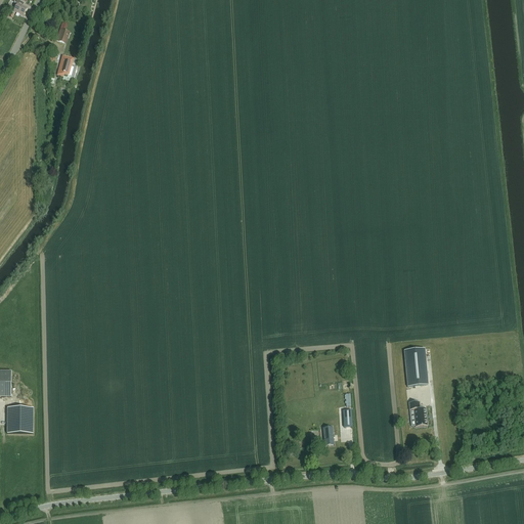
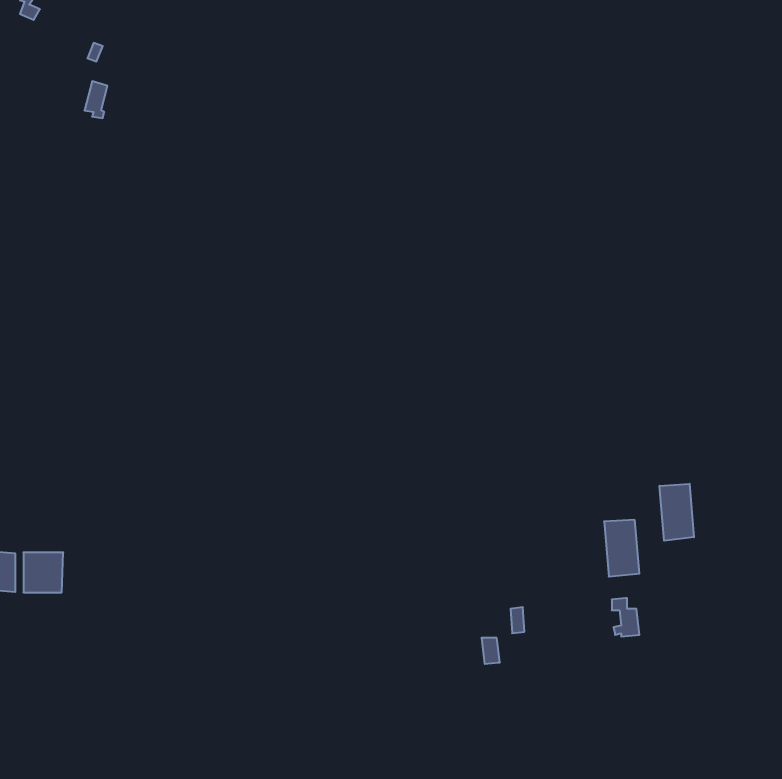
building: none -> [660,484,694,541]
building: [6,405,33,432] -> [23,552,63,592]

